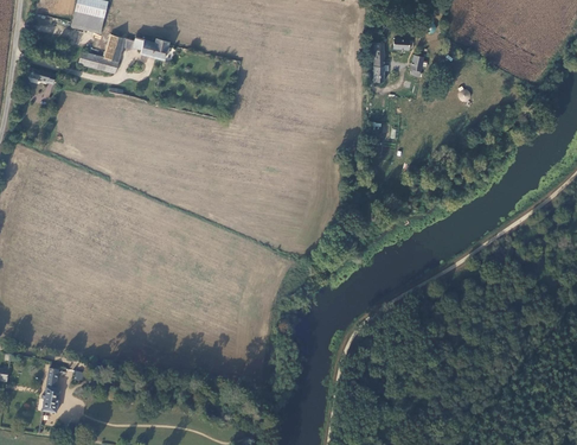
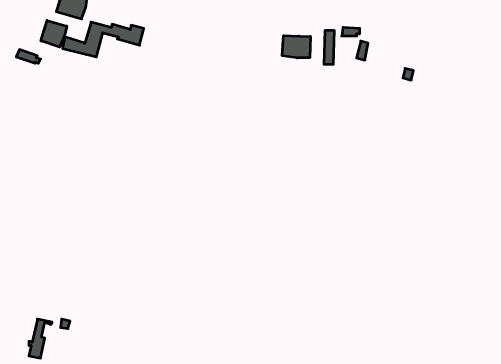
building: none -> [41,20,67,47]
building: none -> [282,36,310,58]

